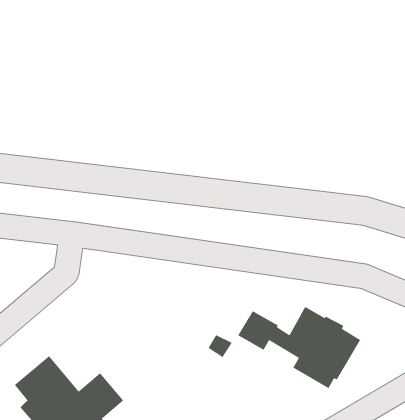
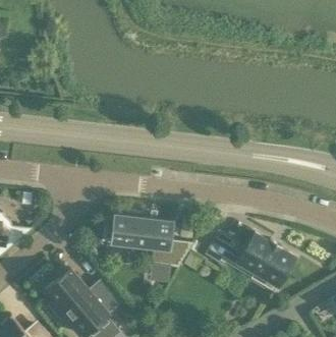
building: none -> [110,214,192,268]

